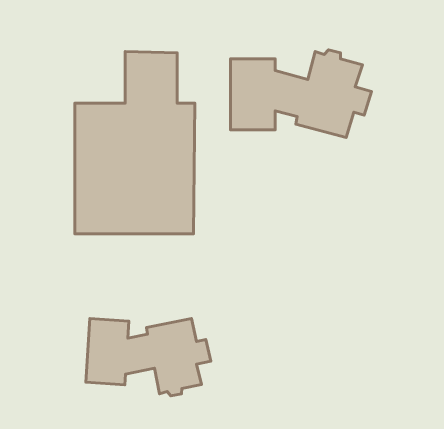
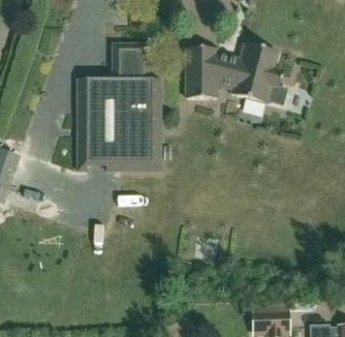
building: [86,318,211,396] -> none

